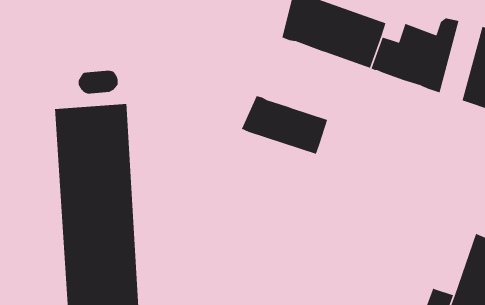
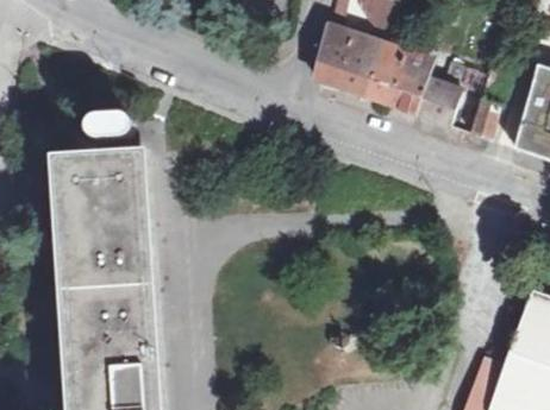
building: [241,95,328,155] -> none

